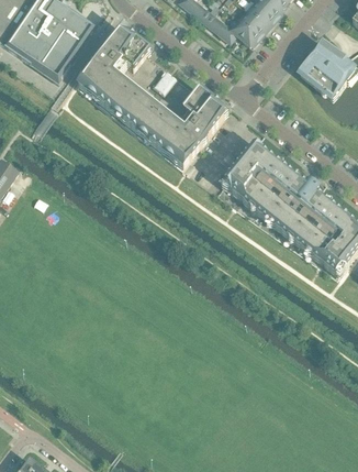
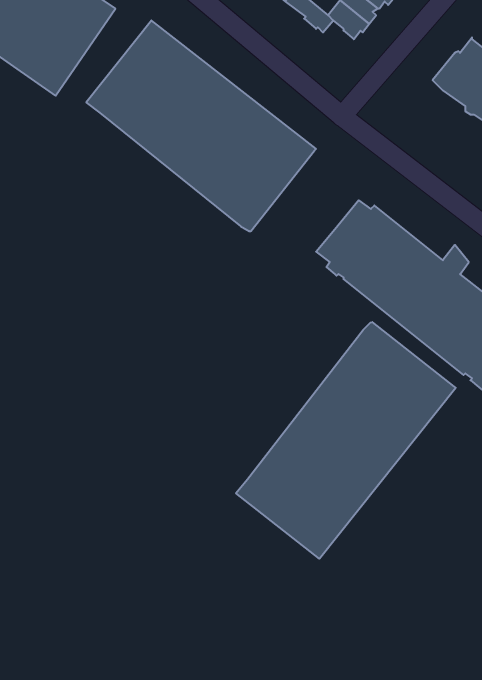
building: none -> [236,322,456,559]

